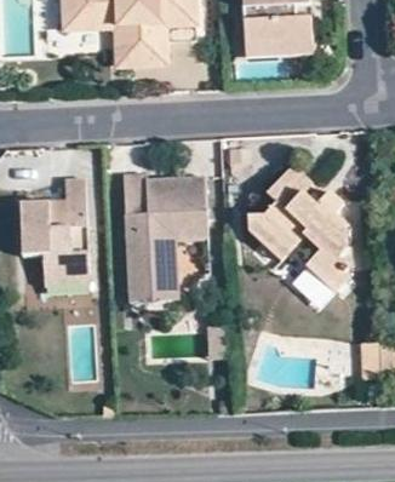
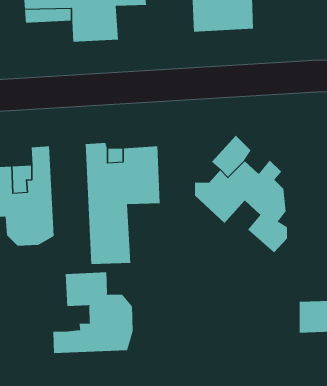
building: none -> [53,272,133,354]

